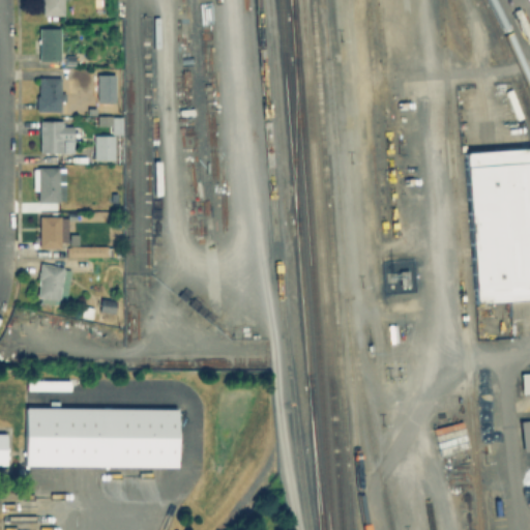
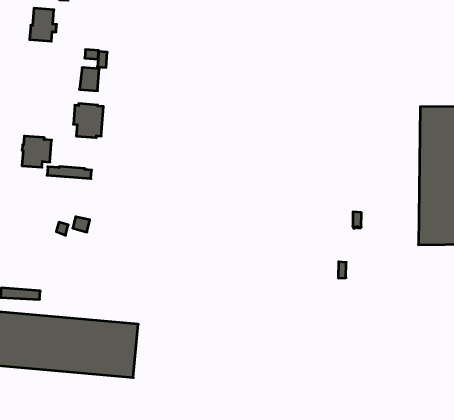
building: [100,76,118,105] -> none
building: [42,122,76,154] -> none
building: [36,168,67,203] -> [73,104,103,138]
building: [39,264,73,305] -> none

